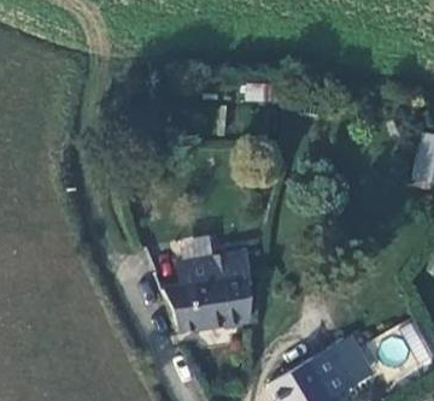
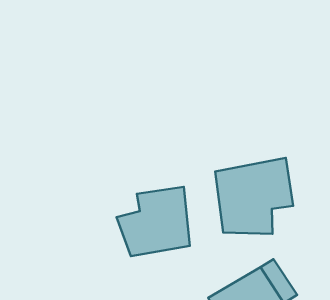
building: none -> [215,158,293,234]

